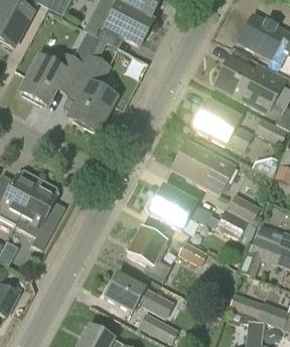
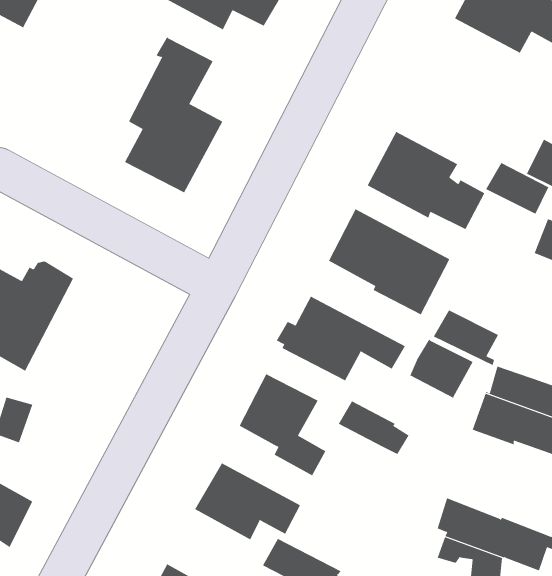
building: [19,43,91,106] -> none
building: [216,60,284,112] -> none
building: [15,177,65,248] -> none

